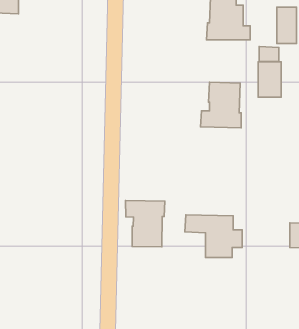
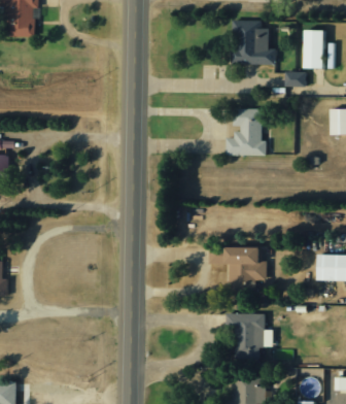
building: [258,62,281,97] -> none
building: [126,200,165,247] -> none
building: none -> [226,313,274,359]

